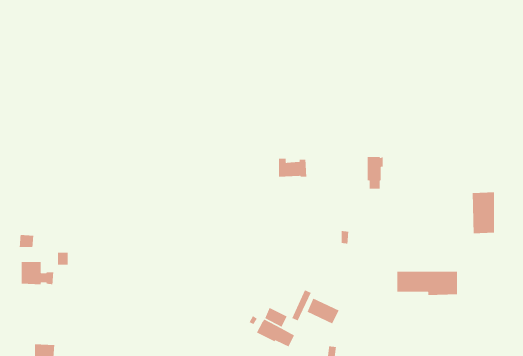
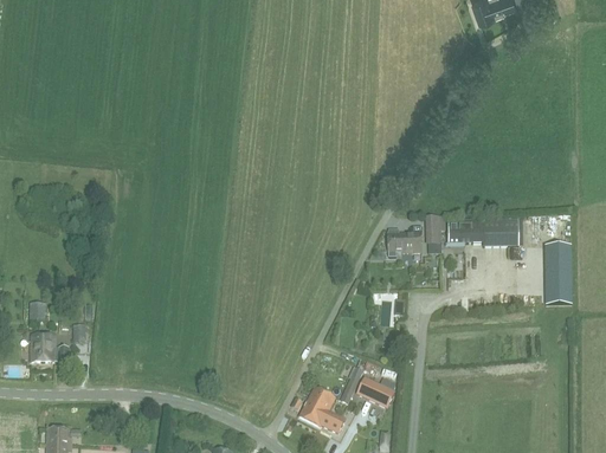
building: [278,158,307,178] -> [388,229,421,252]
building: [396,271,458,296] -> [447,218,517,246]

